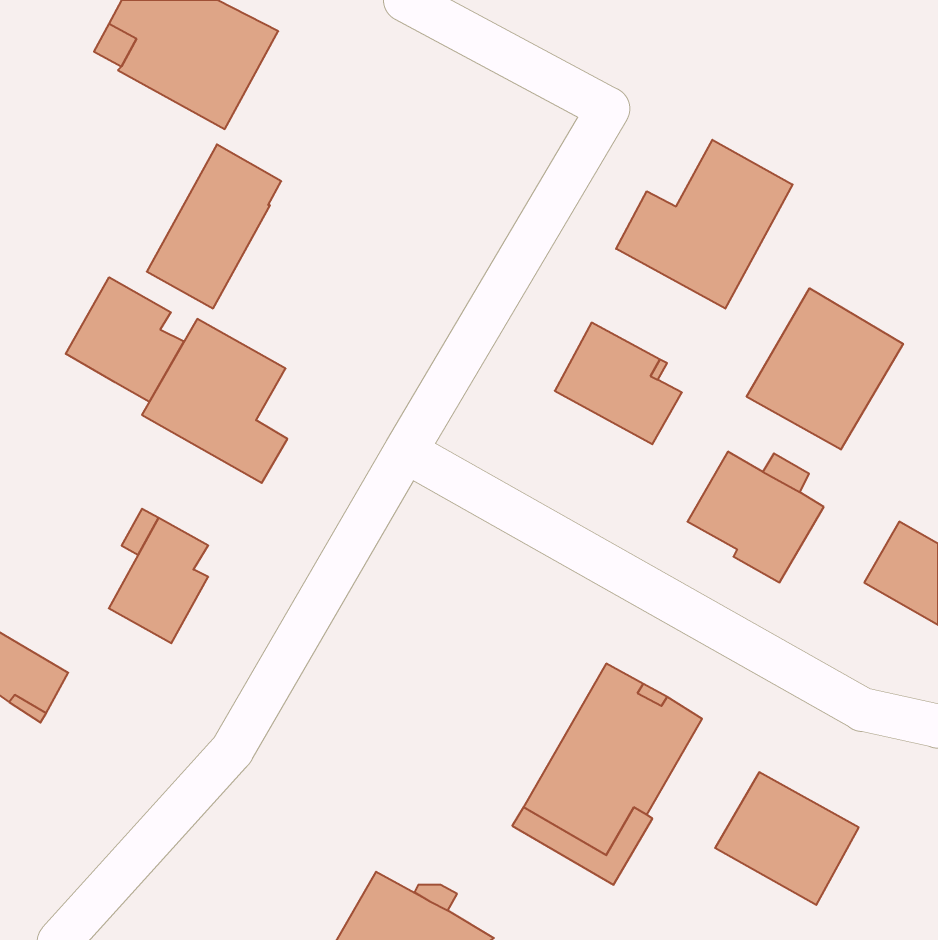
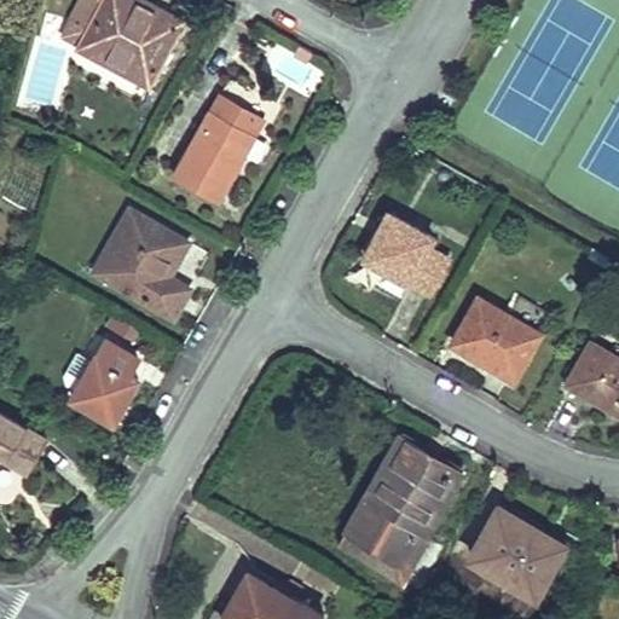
building: [616,140,793,309] -> none
building: [147,144,281,308] -> [173,96,261,203]
building: [66,277,184,402] -> none
building: [747,288,903,450] -> none

